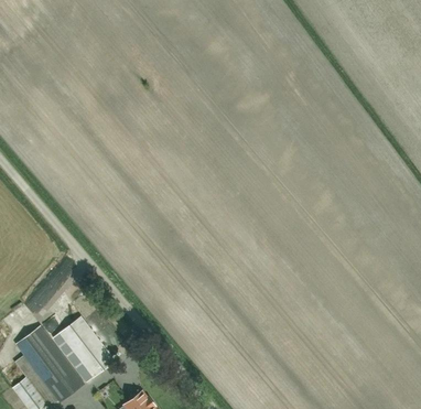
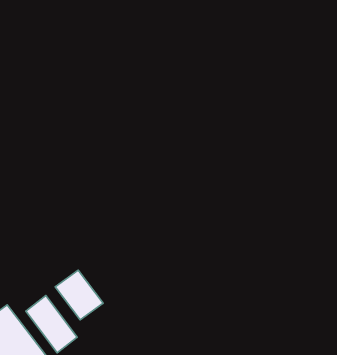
building: none -> [55,270,103,320]

